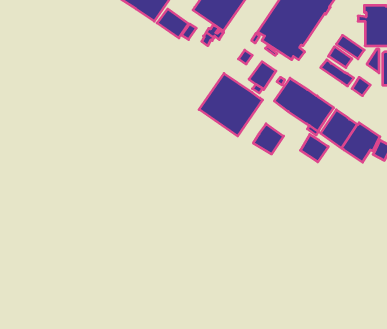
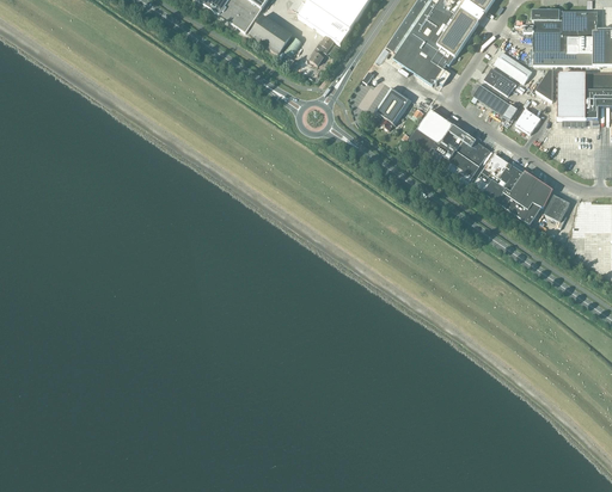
building: [199,73,263,136] -> none
building: [253,124,284,154] -> none
building: [300,134,328,162] -> none

